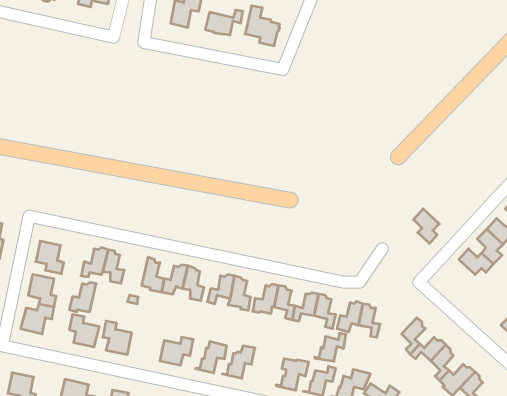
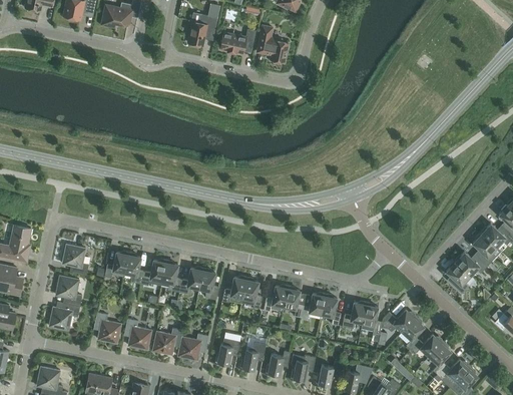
building: [413,209,439,243] -> [446,261,470,293]
building: [69,283,96,312] -> [141,258,166,285]
building: none -> [381,309,416,331]
building: none -> [152,328,182,354]
building: [315,333,346,361] -> [261,350,290,376]

